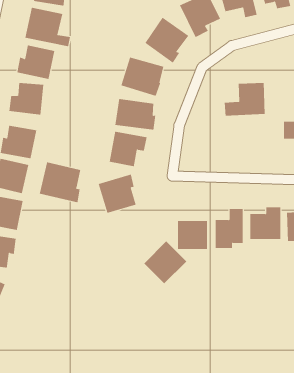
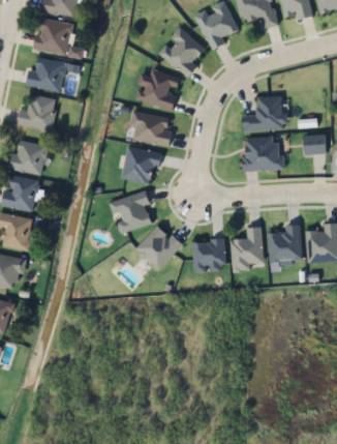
building: none -> [244,137,284,170]
building: [39,161,81,203] -> none
building: [143,241,187,284] -> [135,224,181,269]

